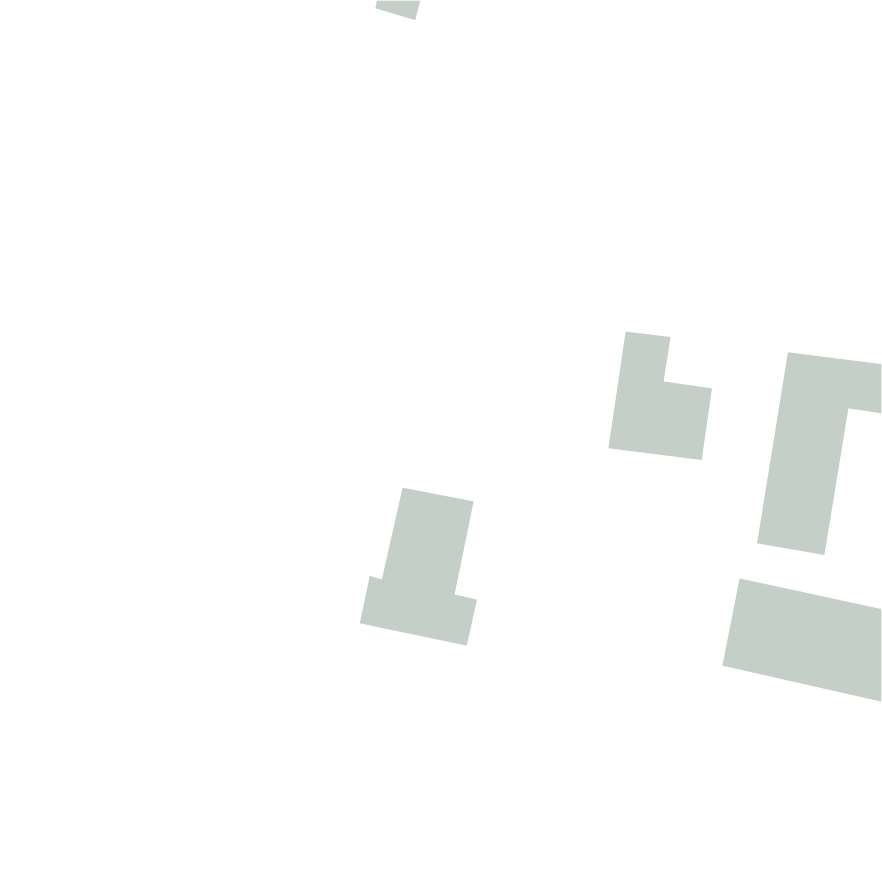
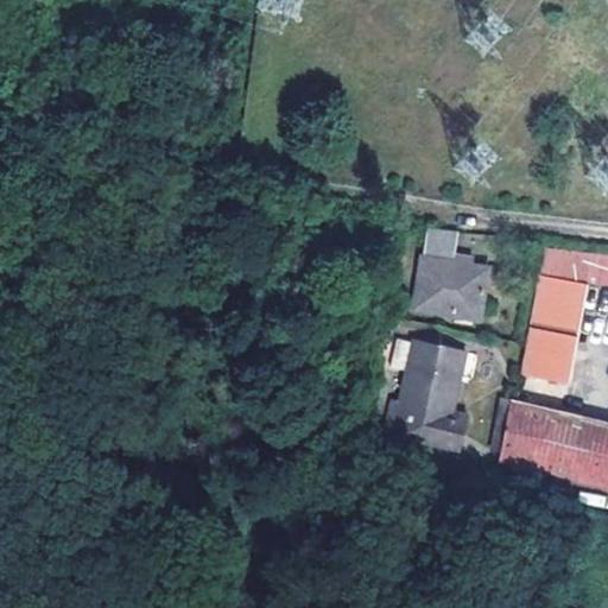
building: [359,487,478,646] -> [385,342,467,451]

